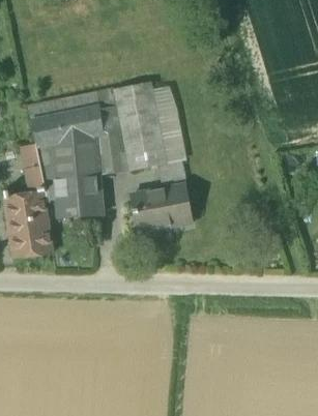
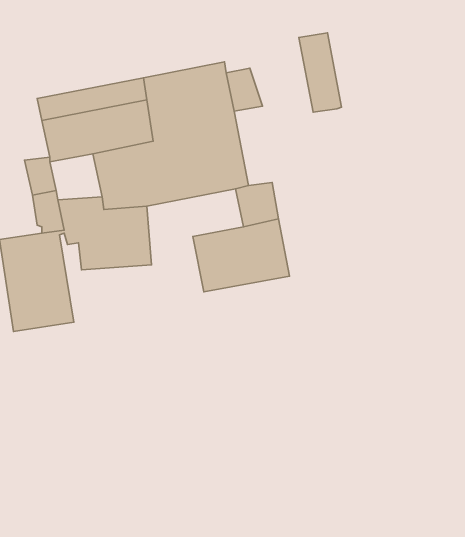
building: [156,111,184,162] -> [299,33,342,112]
building: [36,142,70,172] -> none

